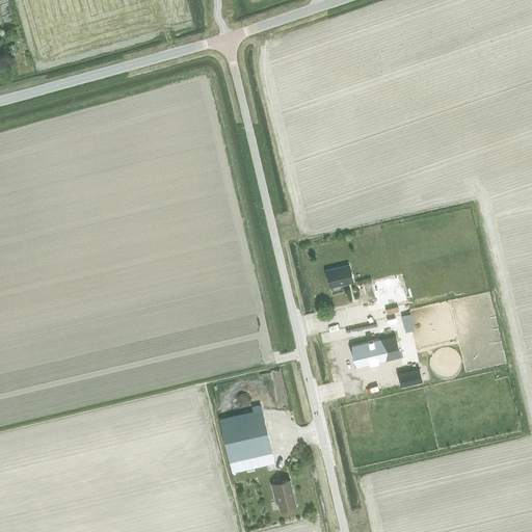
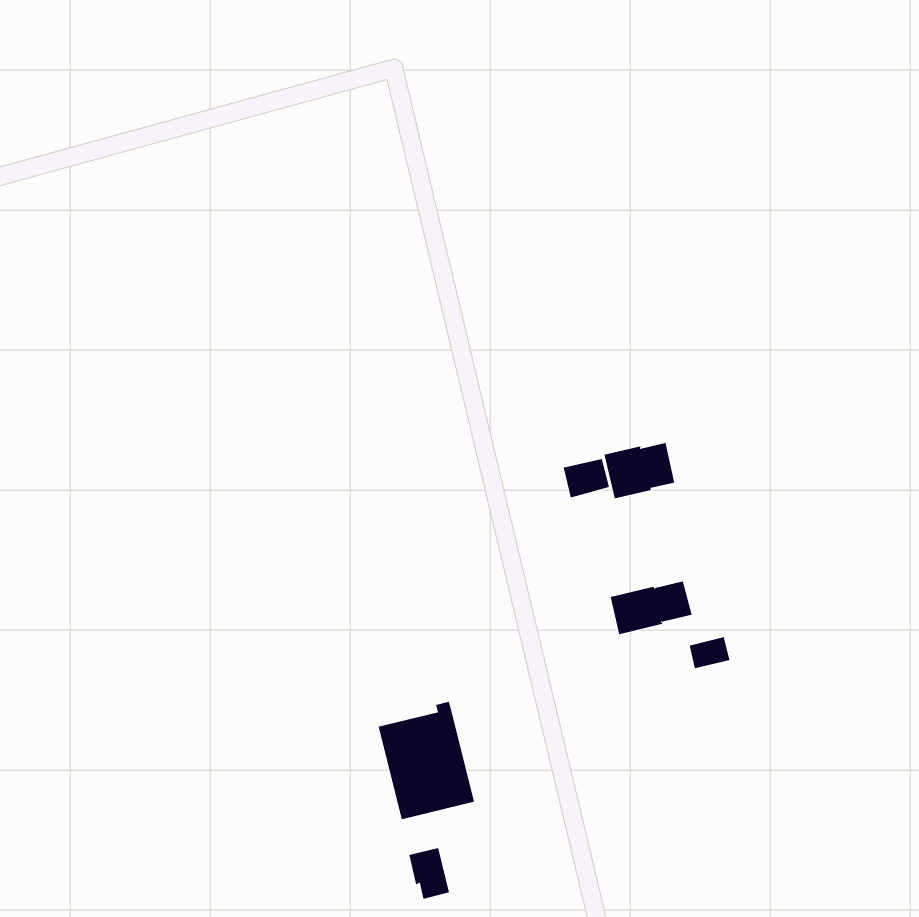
building: none -> [604,442,675,499]
building: [271,481,295,511] -> [408,848,450,900]

